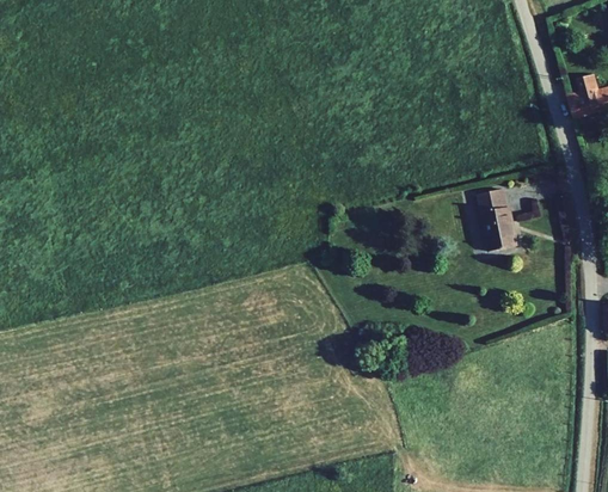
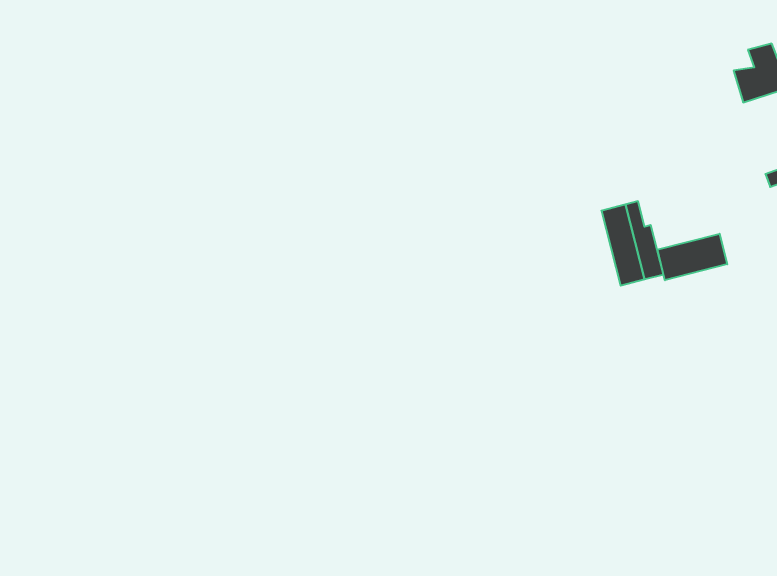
building: none -> [657,234,727,280]

